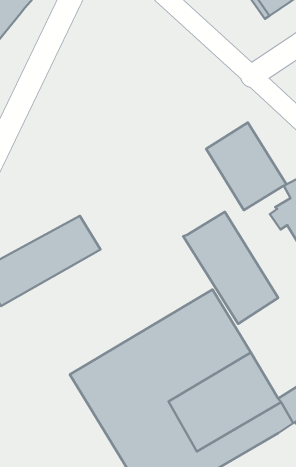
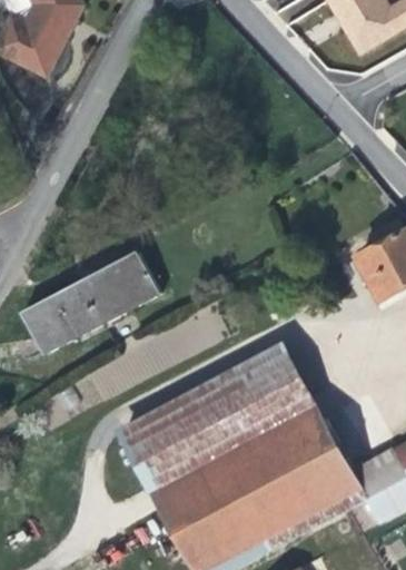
building: [206,122,287,210] -> none
building: [183,212,278,324] -> none

